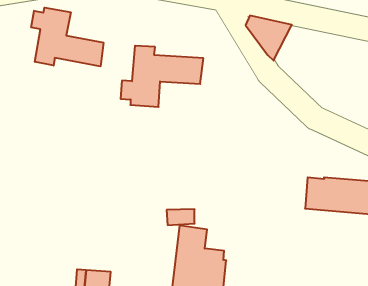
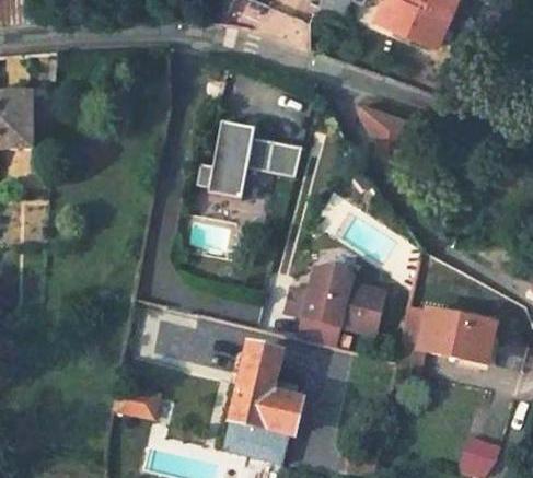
building: [31,8,103,66] -> none
building: none -> [288,268,387,348]

